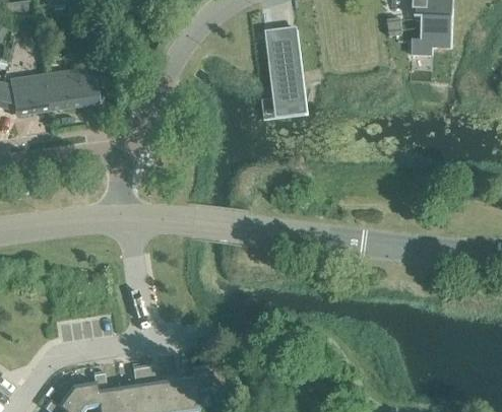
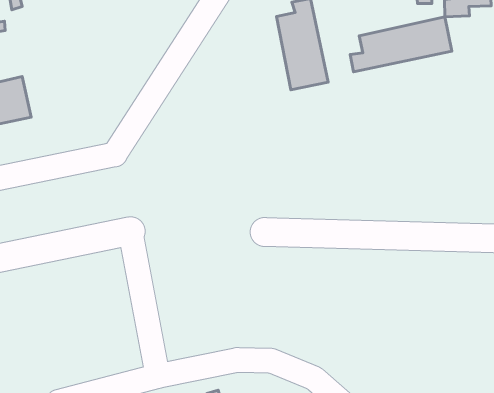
building: none -> [350,17,452,72]
building: [44,70,96,112] -> none

